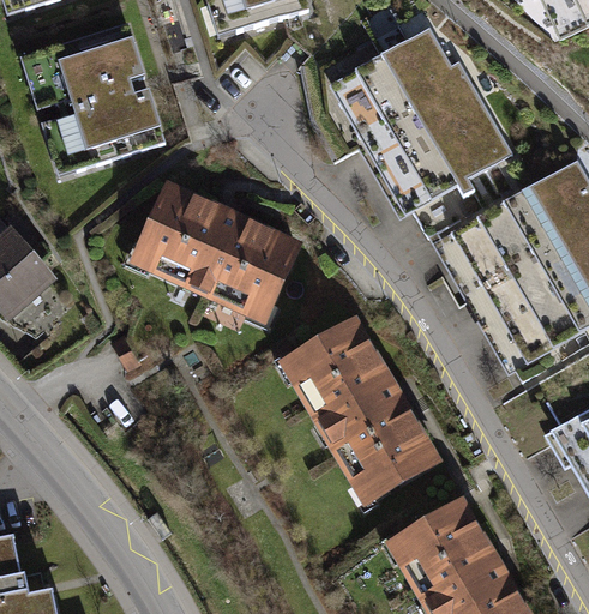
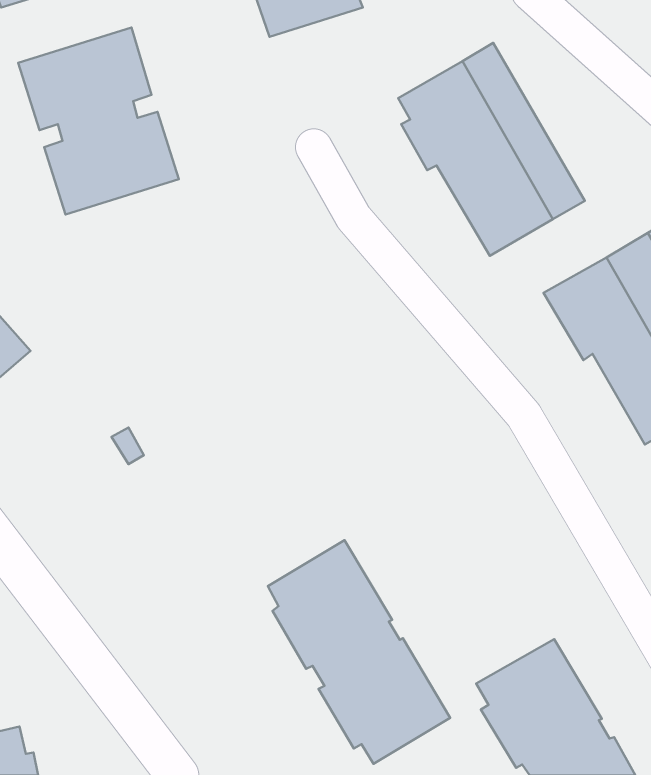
building: [413,24,510,157] -> none
building: [142,185,299,308] -> none
building: [294,319,437,494] -> [268,540,450,764]

